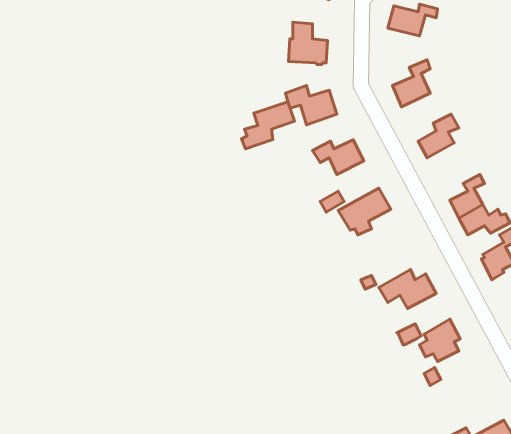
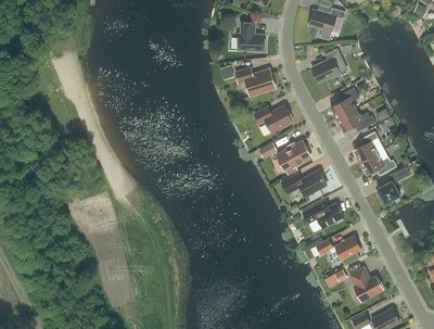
building: [242,102,294,149] -> none
building: none -> [337,107,376,130]
building: none -> [281,169,328,195]
building: none -> [350,267,383,300]

